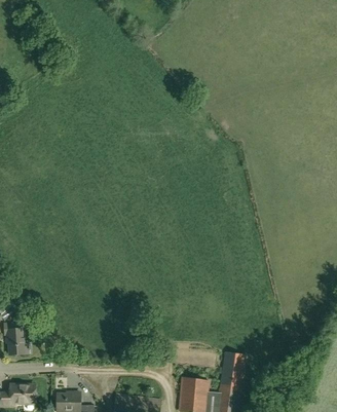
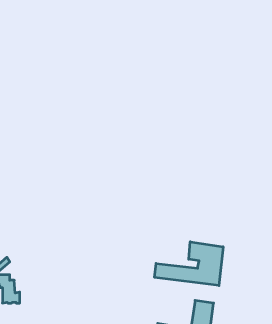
building: none -> [155,242,223,286]

